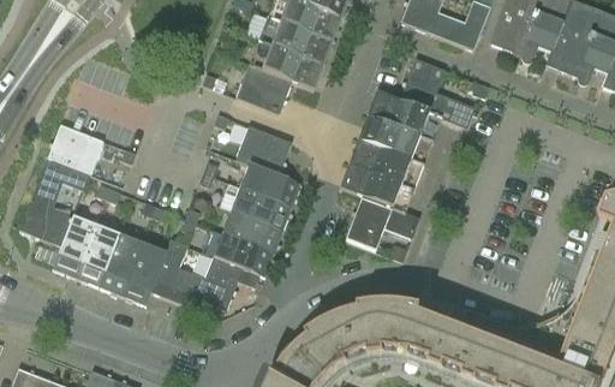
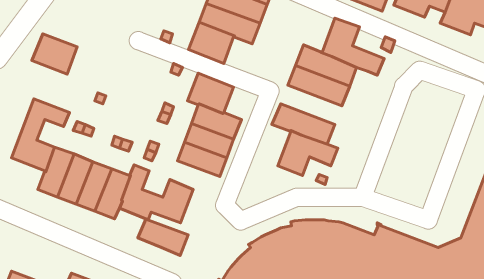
building: [48,125,103,174] -> [32,34,77,74]
building: [350,141,424,189] -> none
building: [214,233,275,278] -> [138,219,188,256]

